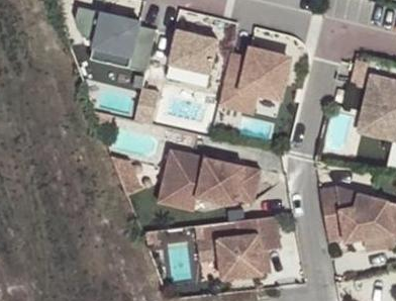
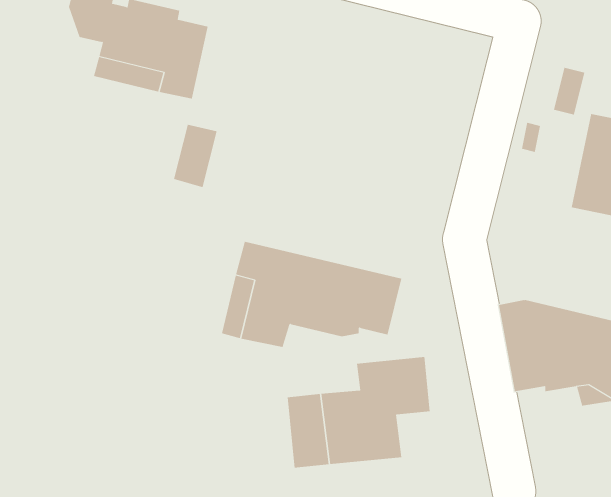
building: [169,30,216,73] -> none
building: [217,47,290,111] -> none

